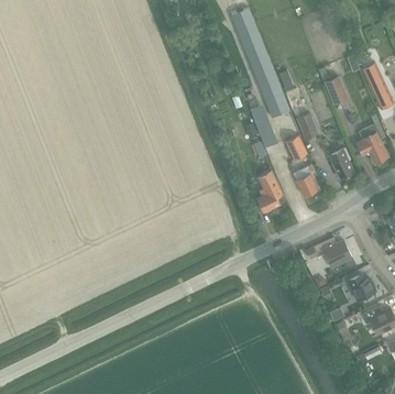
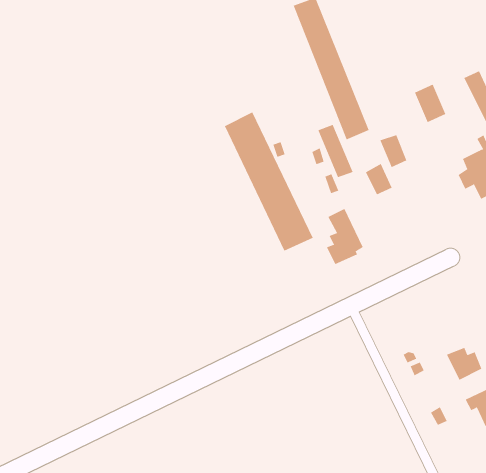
building: none -> [224,112,313,251]
building: [330,147,354,179] -> none
building: [293,165,318,197] -> none
building: [307,238,352,269] -> none

